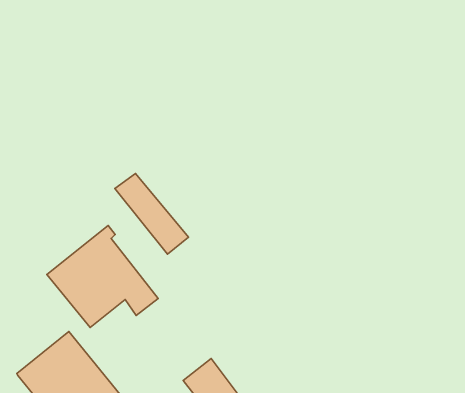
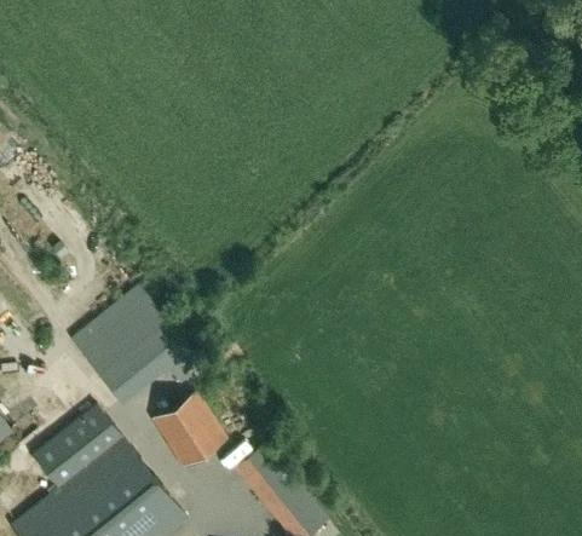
building: [115,173,188,254] -> none
building: none -> [151,390,227,466]

